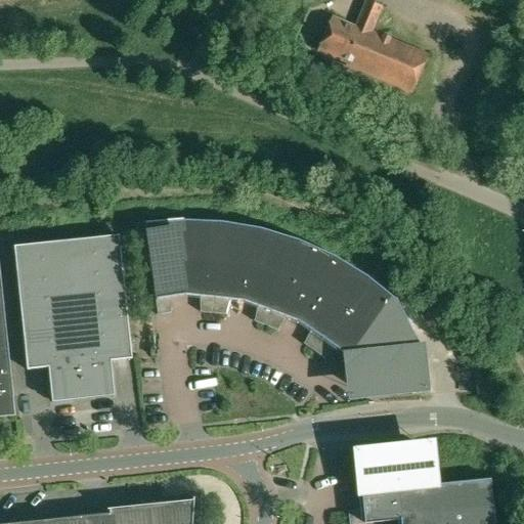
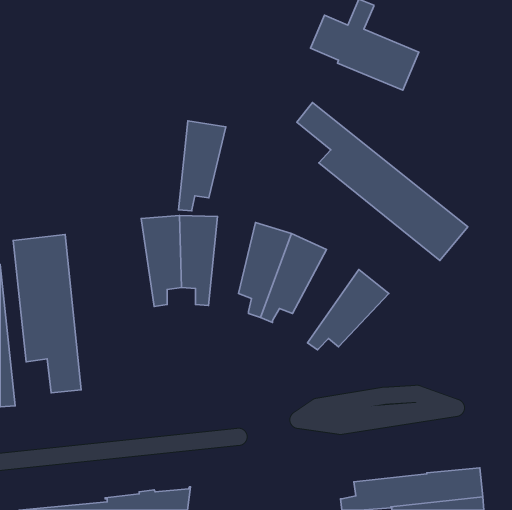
building: none -> [297,103,468,260]
building: [213,221,261,313] -> [179,121,226,211]
building: [67,234,132,398] -> none
building: [299,255,366,350] -> none
building: [346,300,425,397] -> none
building: [357,441,436,492] -> none

